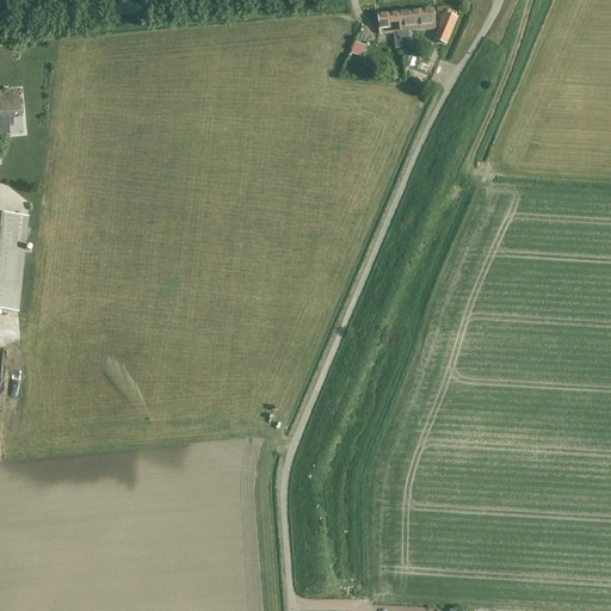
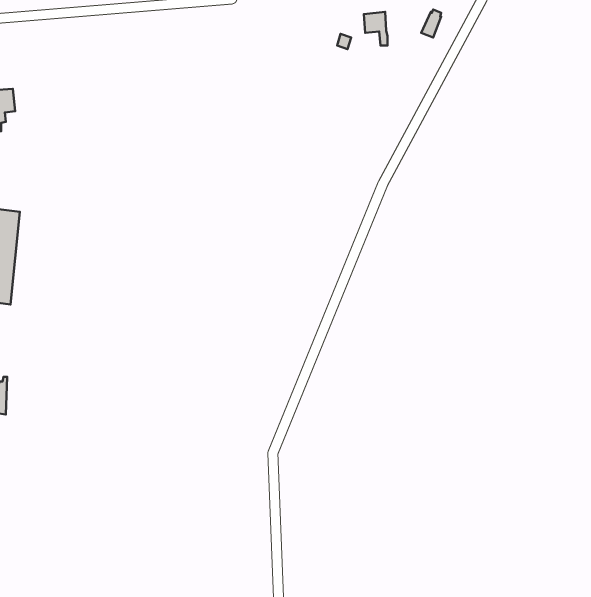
building: [393,8,428,37] -> none

